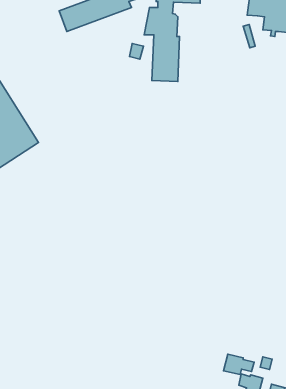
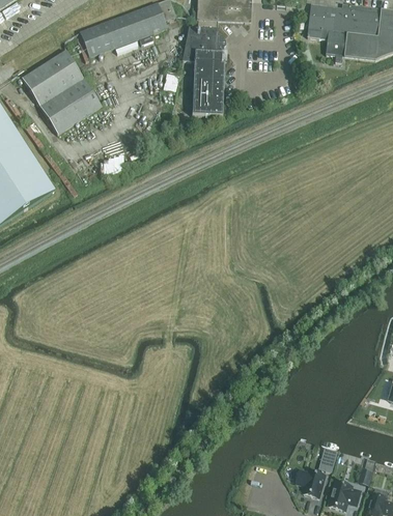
building: none -> [22,50,102,134]
building: [224,354,254,374] -> none

